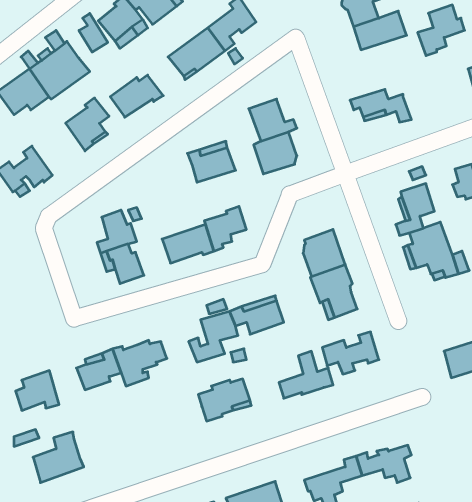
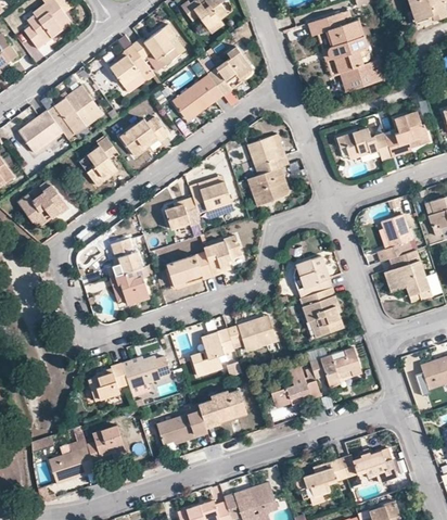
building: [418,5,465,56] -> [384,111,426,156]
building: none -> [167,198,201,230]
building: [16,371,59,410] -> [88,426,127,461]
building: none -> [157,411,209,443]

